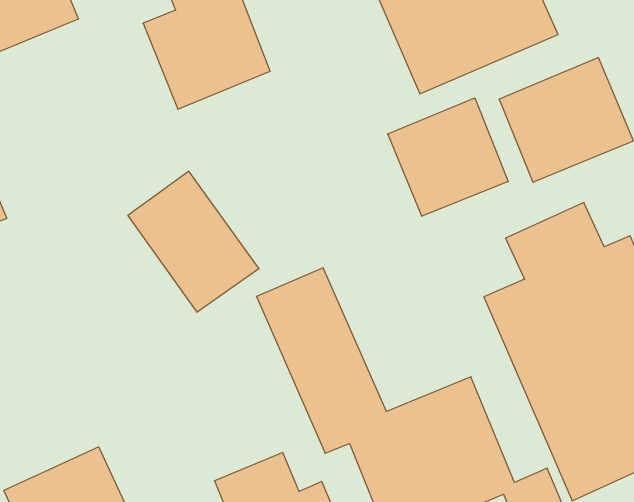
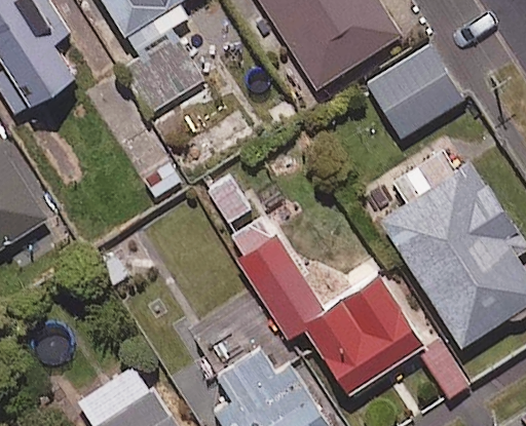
building: [388,98,508,216] -> none
building: [128,171,259,312] -> none

